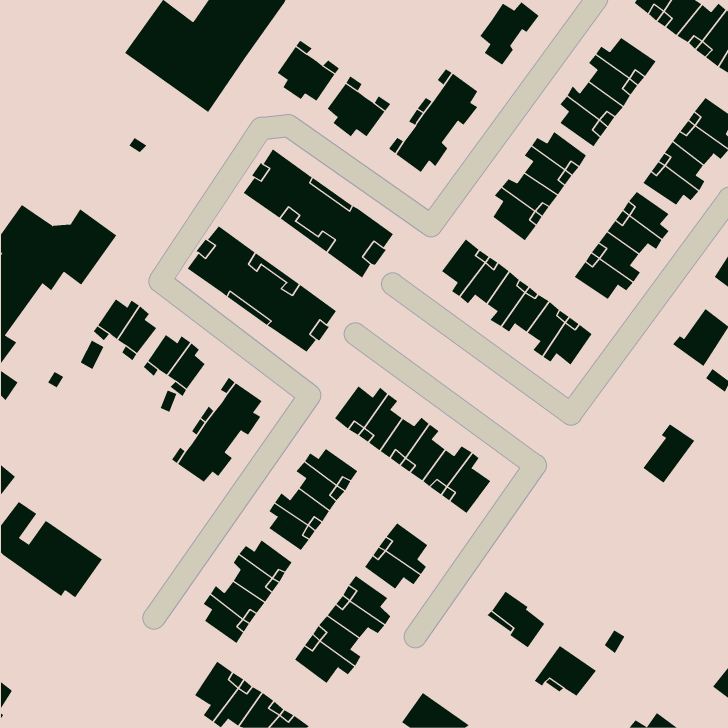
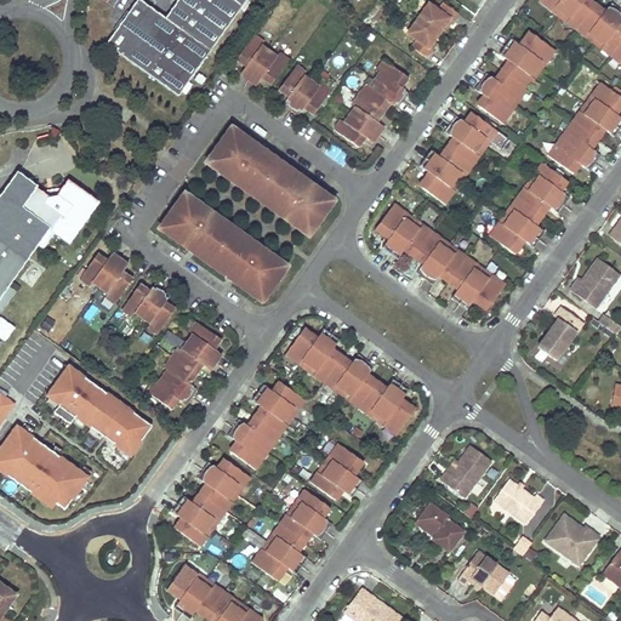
building: [642,424,695,484] -> [537,309,582,360]
building: none -> [45,366,150,455]
building: none -> [438,446,489,497]
building: none -> [492,482,542,525]
building: none -> [546,517,597,565]

